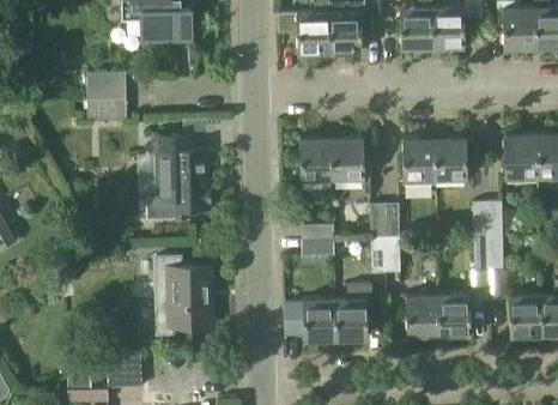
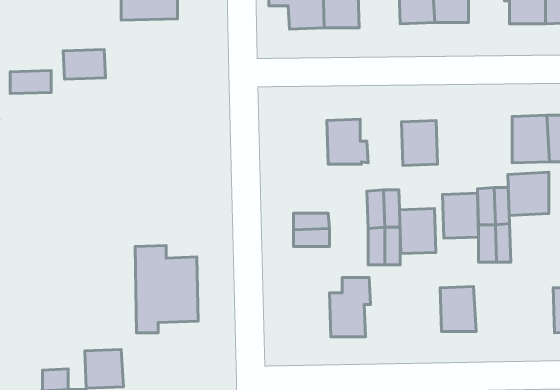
building: [89,99,127,121] -> [10,70,51,94]
building: [154,134,212,219] -> none
building: [435,138,468,180] -> [443,193,479,238]
building: [299,139,334,181] -> none
building: none -> [508,172,549,216]
building: [406,295,439,337] -> [400,209,436,254]
building: [509,295,545,337] -> none
building: [285,300,336,341] -> none

